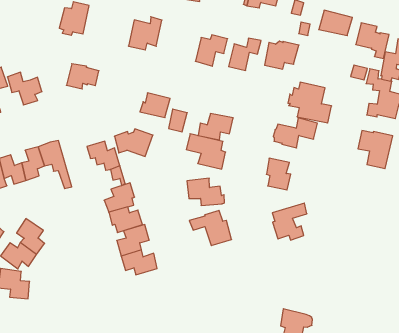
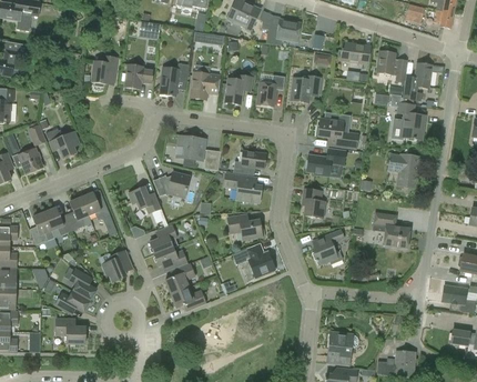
building: none -> [190,71,221,99]
building: [66,64,99,89] -> [124,64,154,88]
building: none -> [372,211,409,248]
building: none -> [102,249,133,281]

